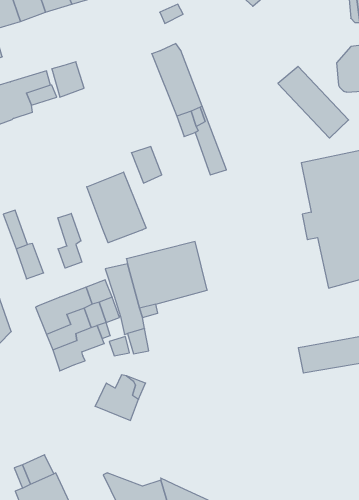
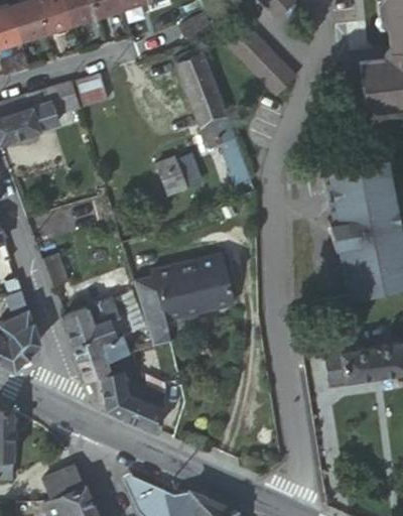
building: [278,66,349,138] -> [221,21,291,93]
building: [87,172,146,243] -> none
building: [58,213,82,268] -> none
building: none -> [101,368,148,417]

